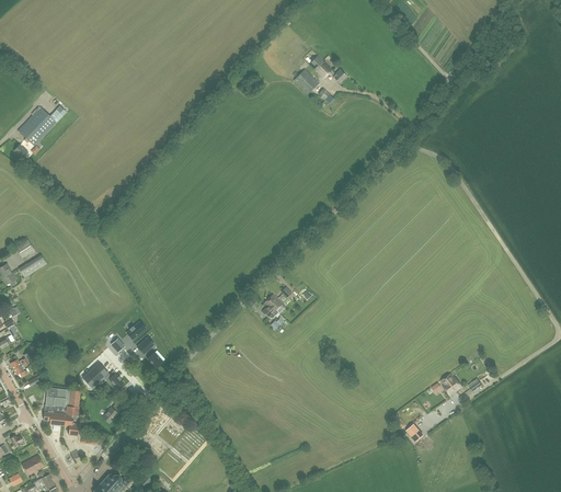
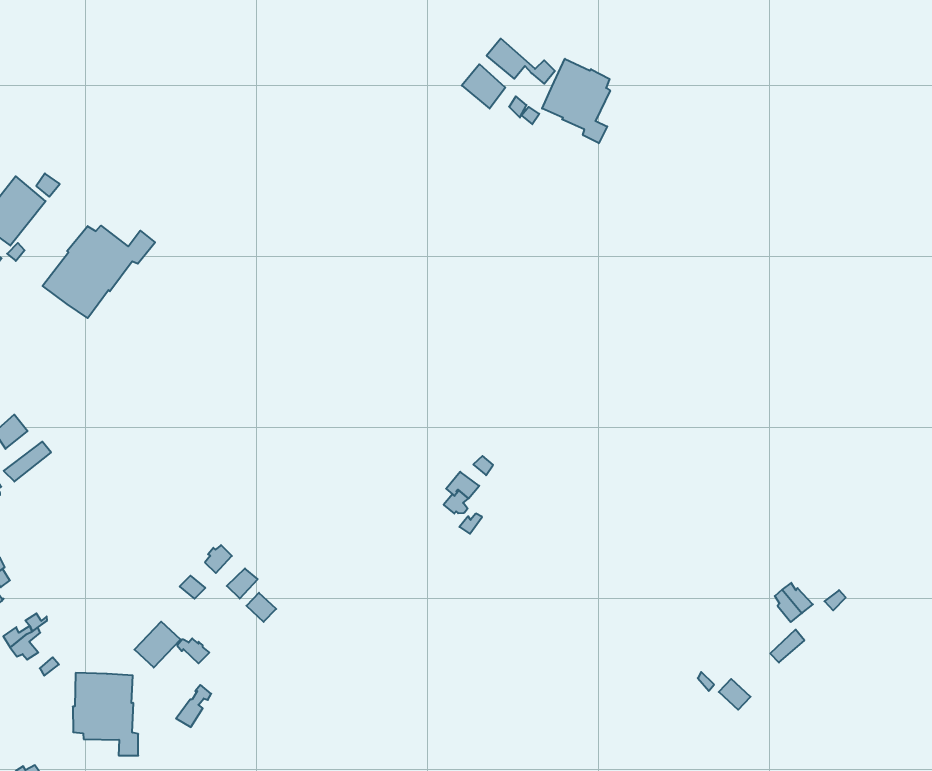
building: none -> [542,59,610,143]
building: none -> [43,226,155,318]

